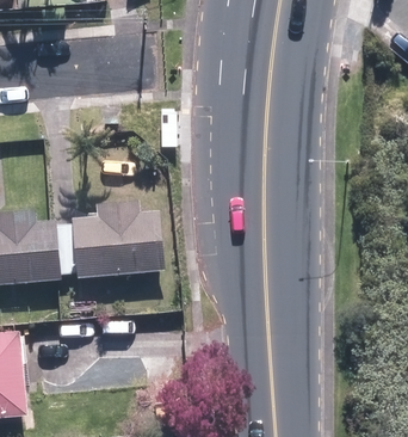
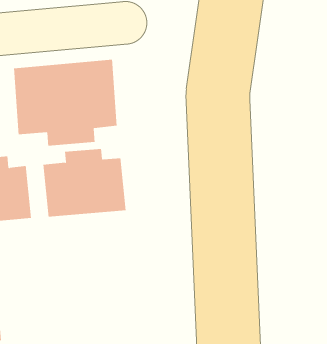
building: none -> [13,59,117,147]

